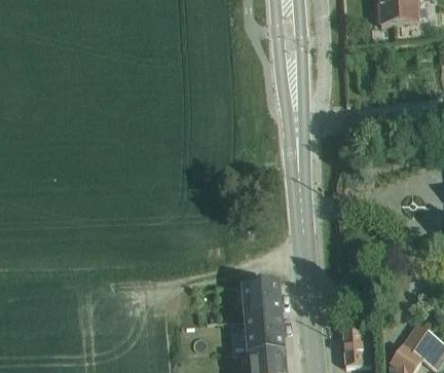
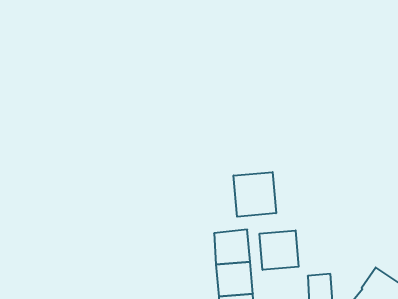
building: none -> [234,172,276,217]
building: none -> [260,230,299,270]

